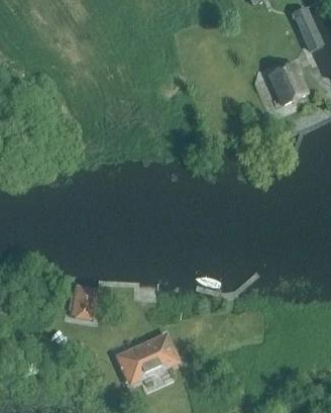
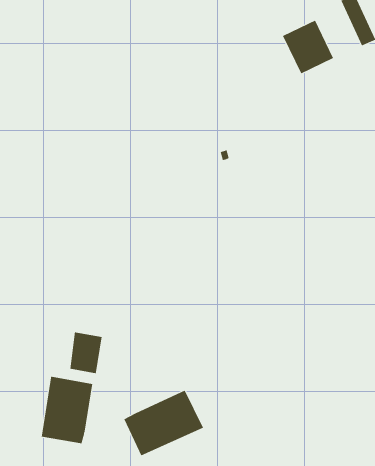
building: [266,65,309,109] -> [282,20,334,74]
building: none -> [41,376,93,444]

